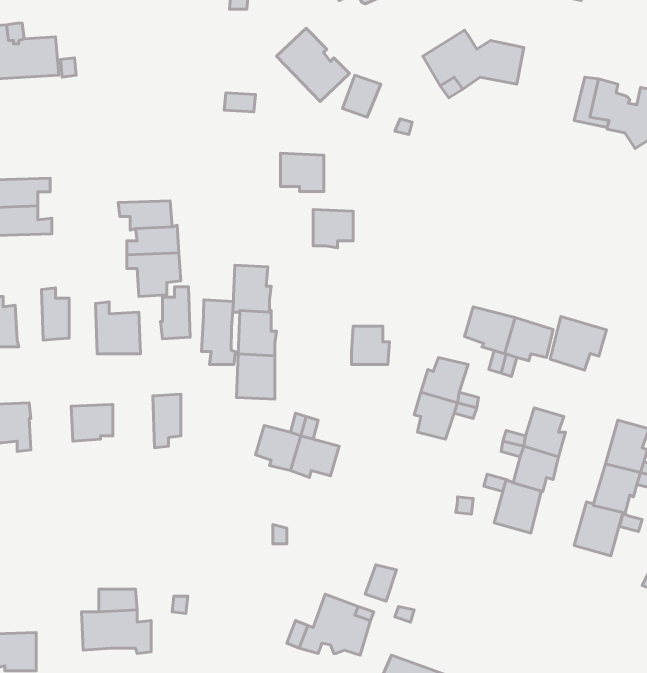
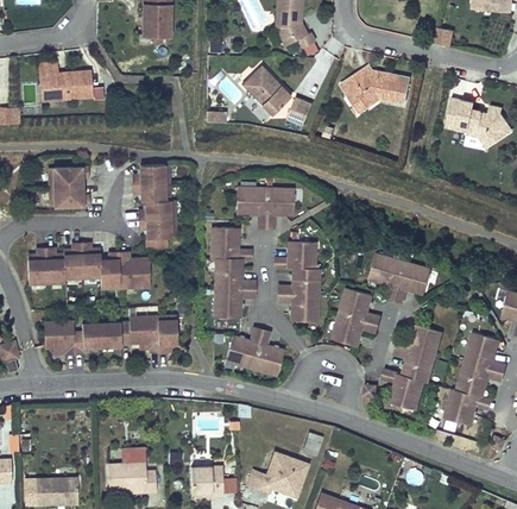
building: [280,153,324,192] -> [237,188,266,214]
building: none -> [133,165,169,184]
building: none -> [289,241,314,269]
building: [161,287,190,339] -> [99,253,119,289]
building: none -> [63,244,82,278]
building: [202,300,235,365] -> none
building: [550,317,606,370] -> none
building: none -> [291,295,317,322]
building: none -> [128,316,158,352]
building: none -> [72,323,102,353]
building: none -> [190,466,223,496]

